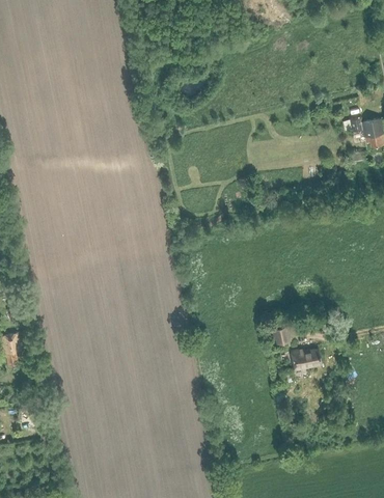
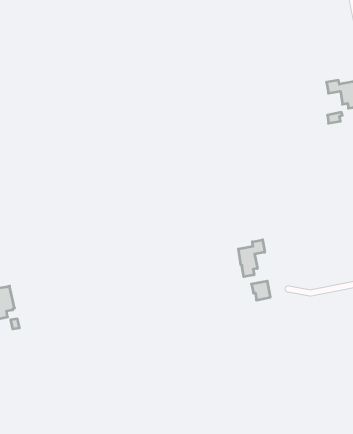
building: none -> [238,240,265,277]
building: [291,348,321,369] -> none

